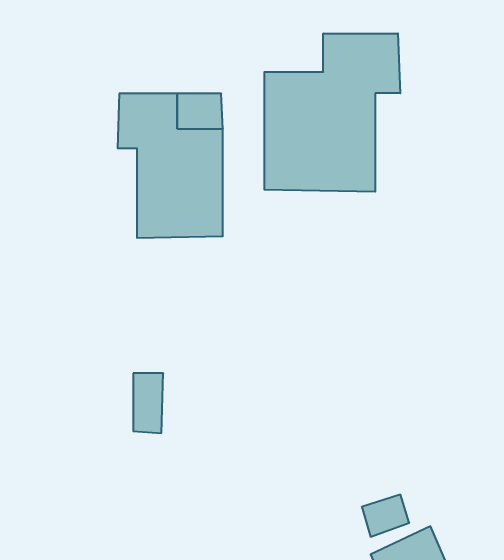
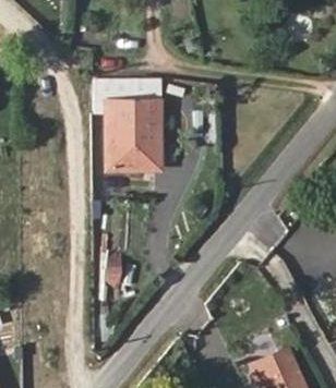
building: [264,33,400,192] -> none

